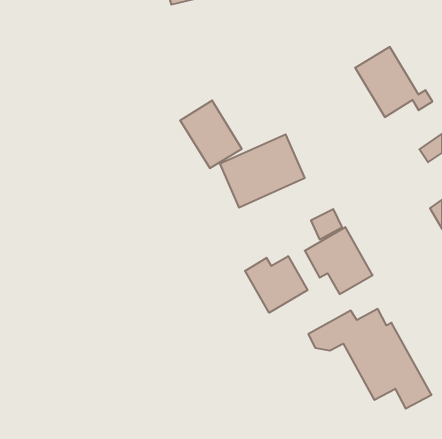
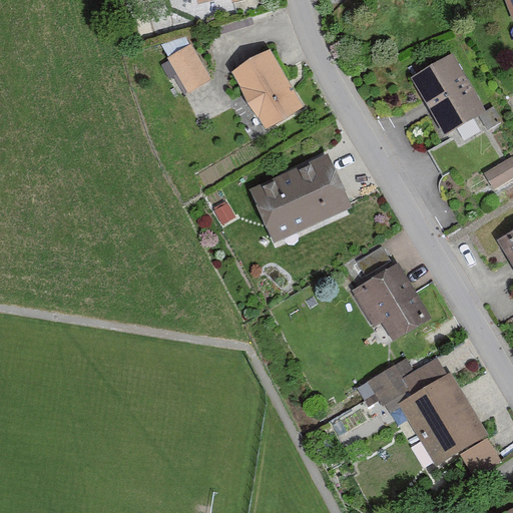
building: none -> [169,47,209,91]
building: [180,100,242,168] -> [231,51,303,129]
building: [245,256,308,313] -> none

